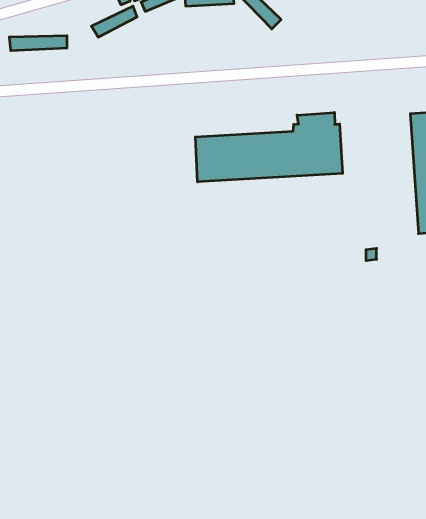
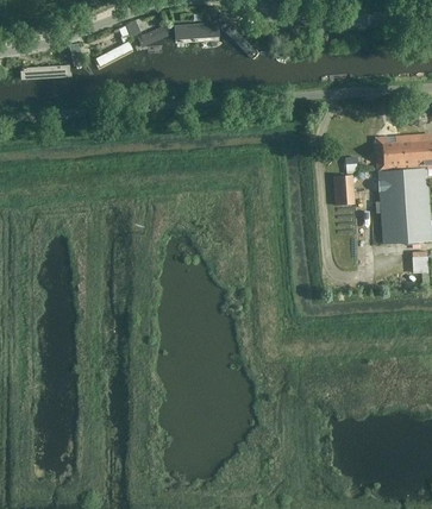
building: [195,112,343,182] -> none
building: none -> [333,174,355,205]

